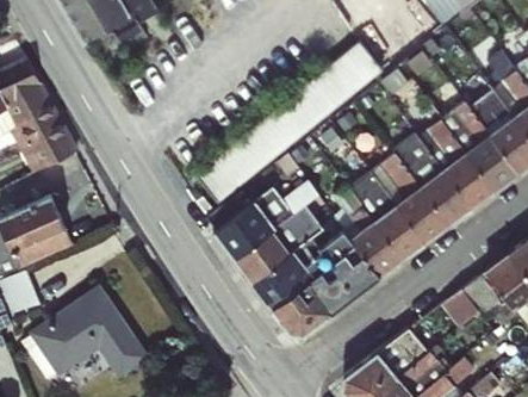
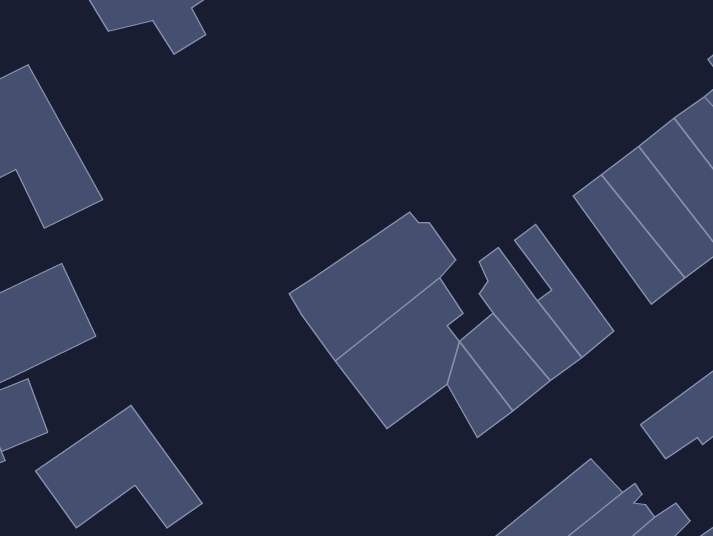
building: [194,41,383,204] -> none
building: [371,150,448,241] -> none
building: [271,277,331,335] -> none

